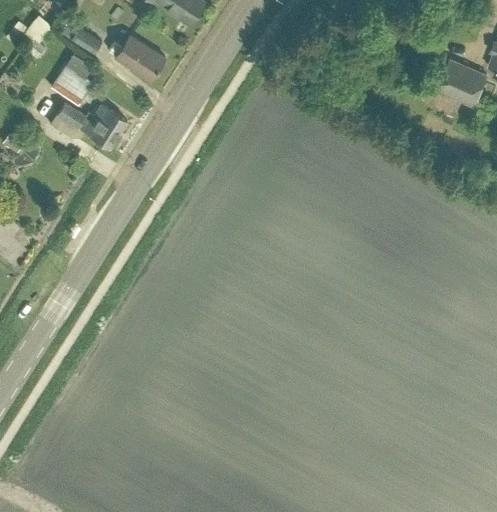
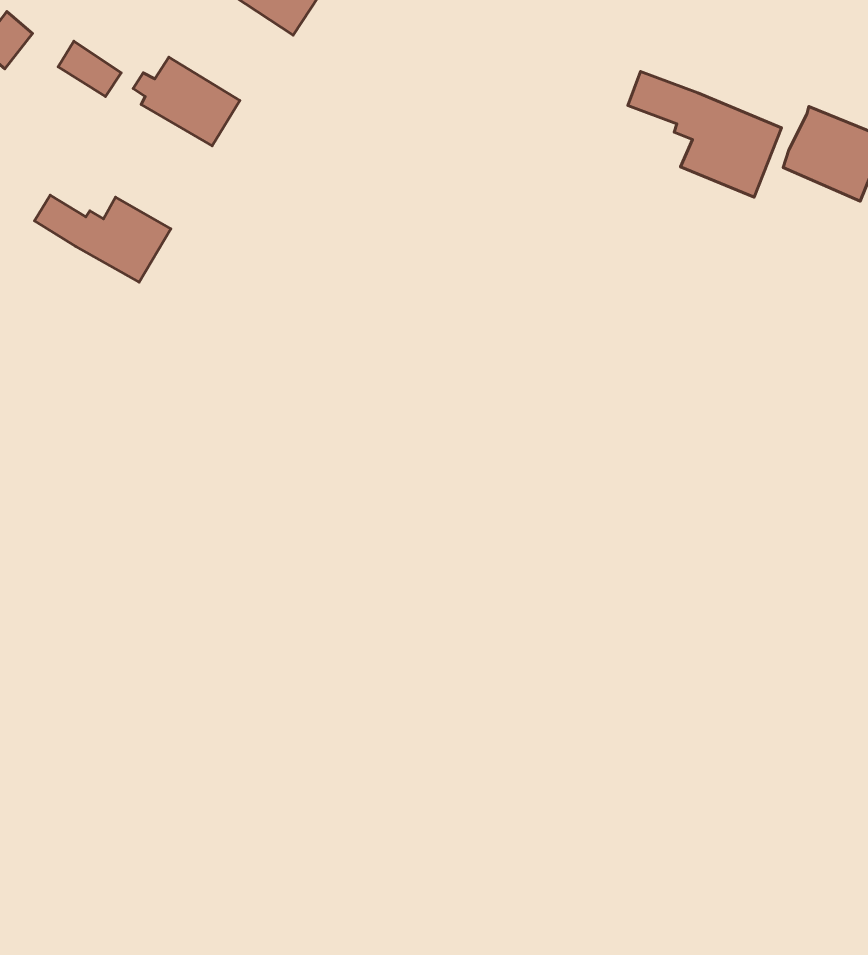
building: none -> [628,72,781,197]
building: [50,54,92,105] -> none

